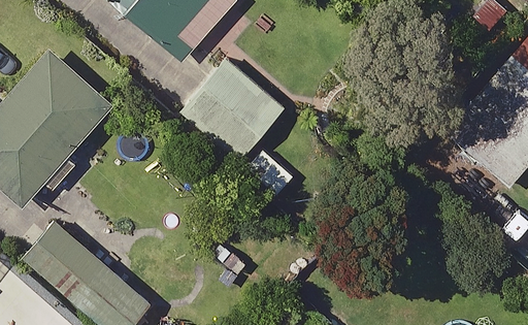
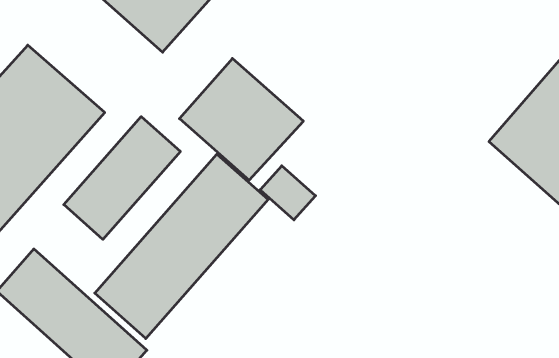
building: none -> [64,117,180,239]
building: none -> [95,154,268,339]

